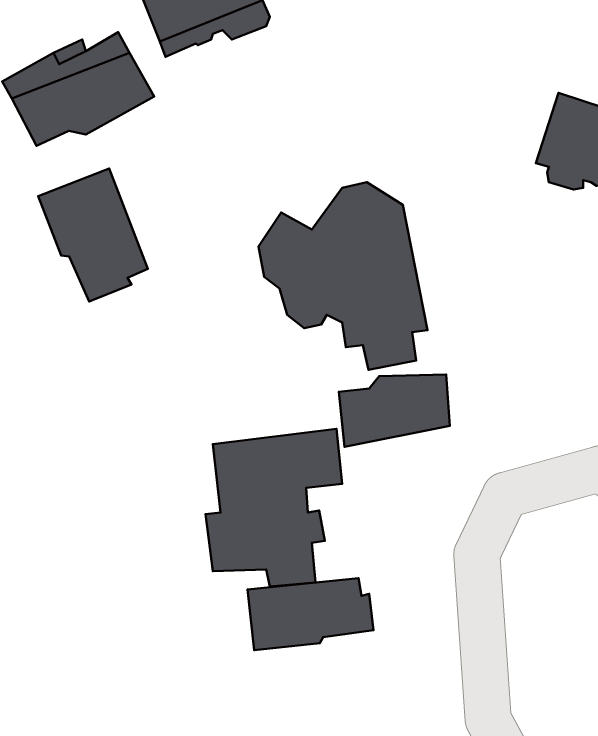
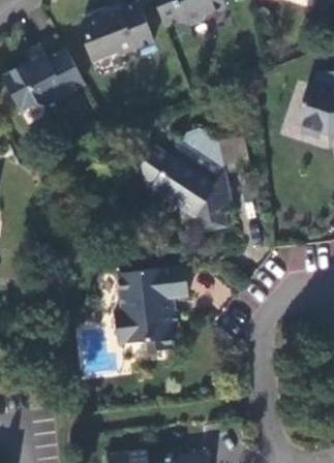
building: [38,168,148,301] -> none
building: [339,374,450,447] -> none
building: [248,578,373,650] -> none

